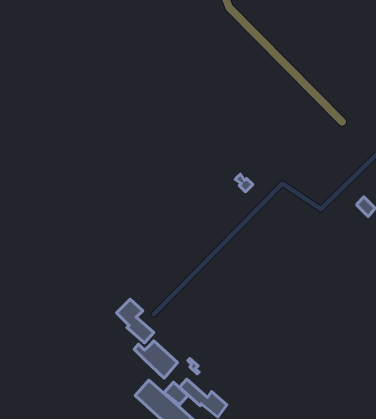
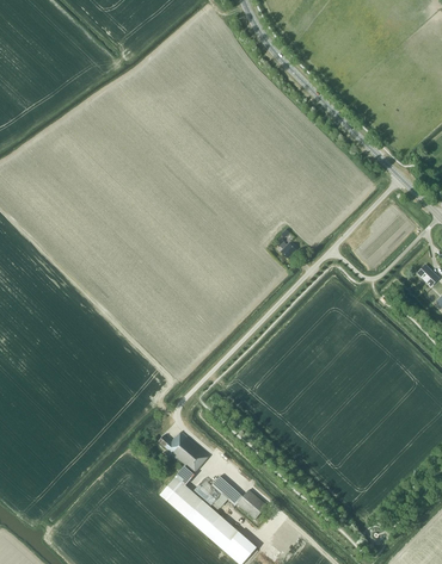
building: [116,299,154,343] -> none

